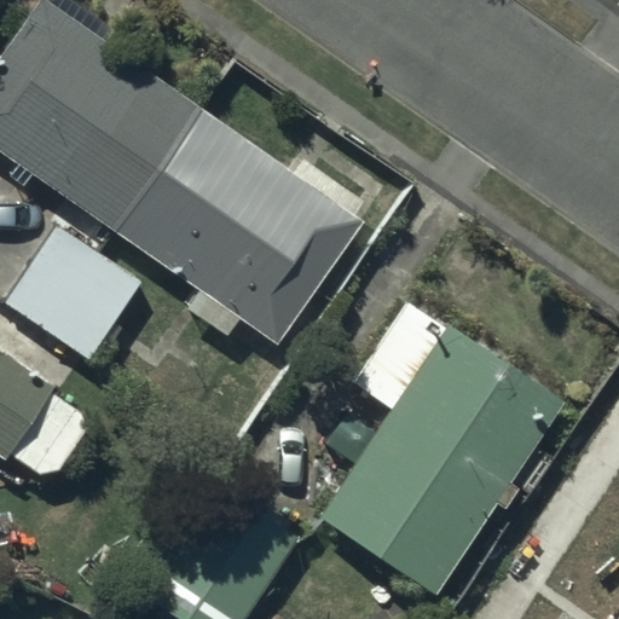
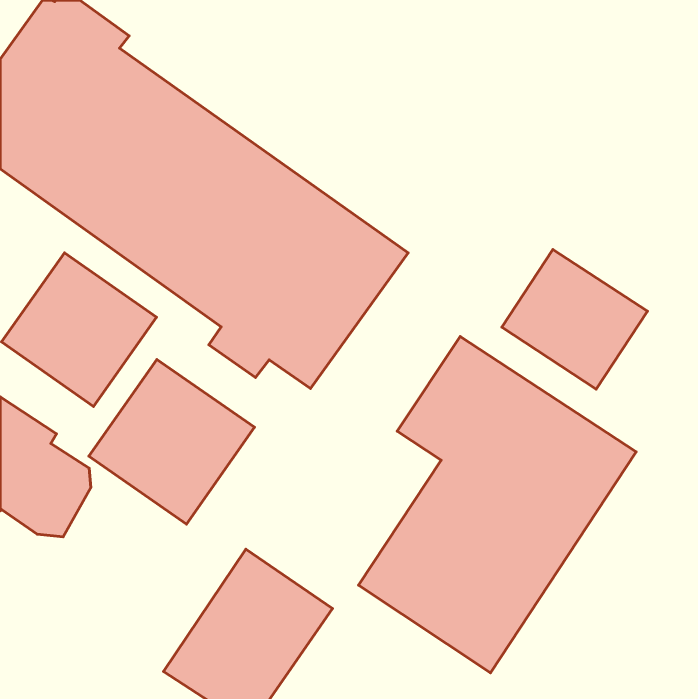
building: none -> [502,250,648,389]
building: none -> [89,359,254,524]

